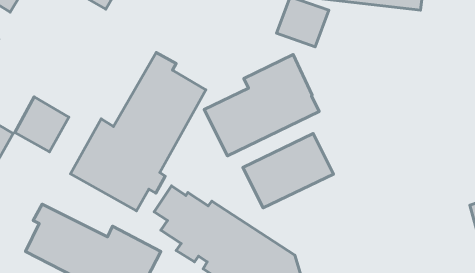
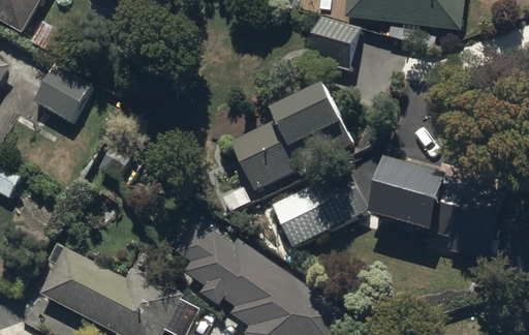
building: [70,53,206,211] -> none
building: [15,97,69,152] -> [31,60,89,119]
building: none -> [369,155,505,258]

